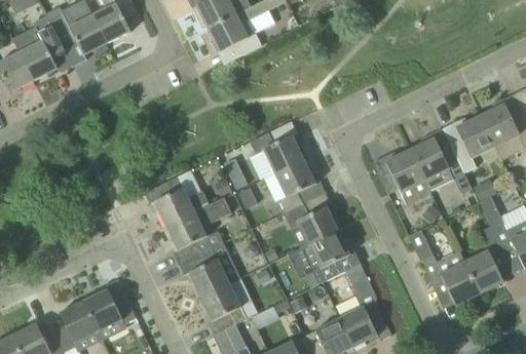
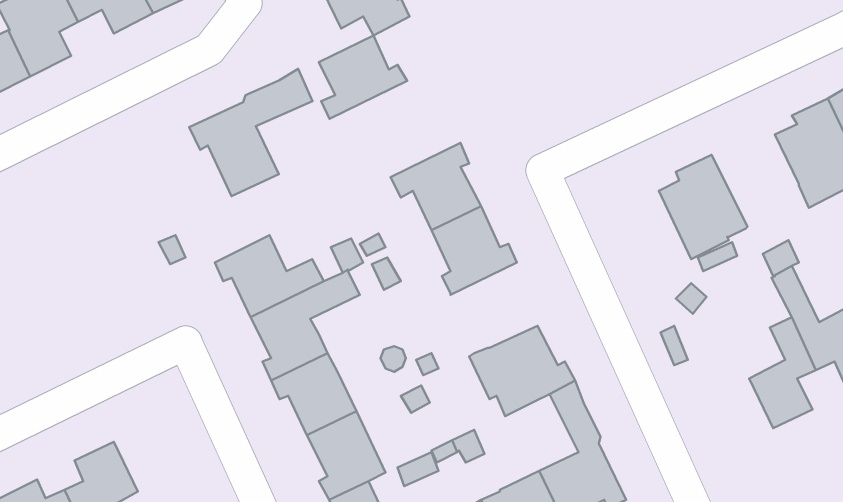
building: none -> [319,35,407,119]
building: none -> [189,69,312,196]
building: [443,116,495,171] -> none
building: [372,150,430,205] -> none
building: [284,193,338,244] -> none
building: [420,250,480,305] -> none
building: [83,288,136,330] -> none

